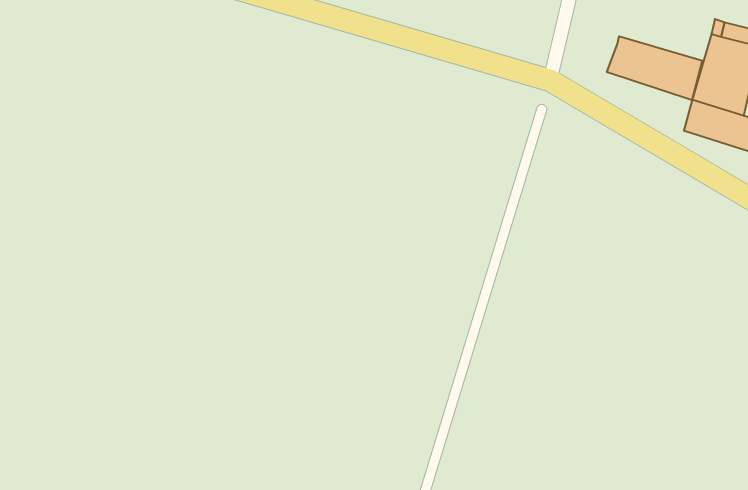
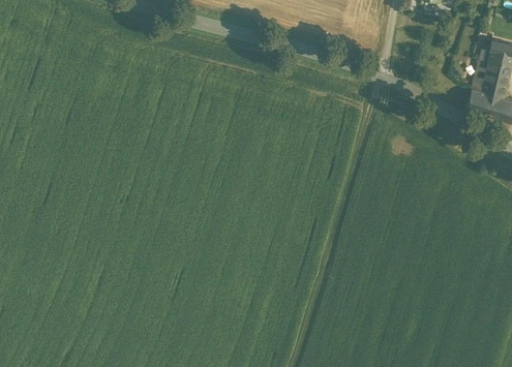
building: [607,36,702,100] -> none

